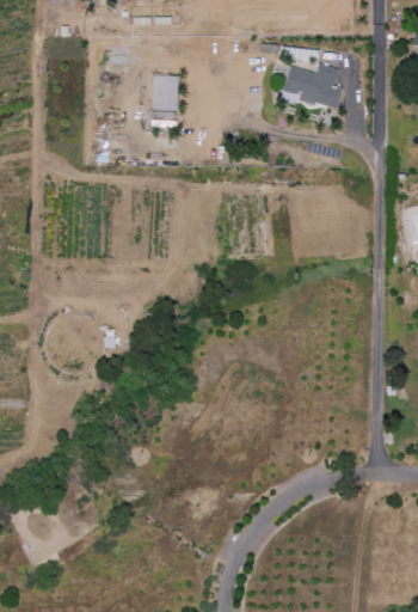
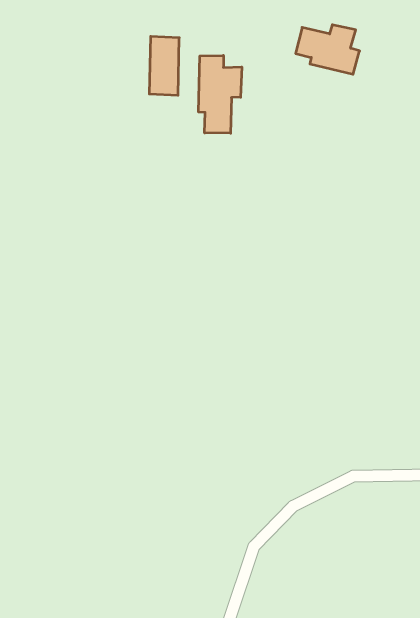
building: none -> [199,55,242,133]

